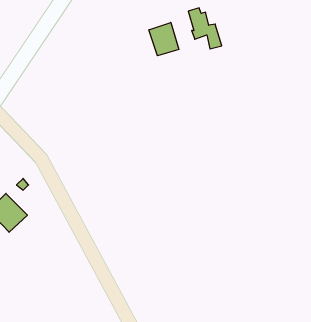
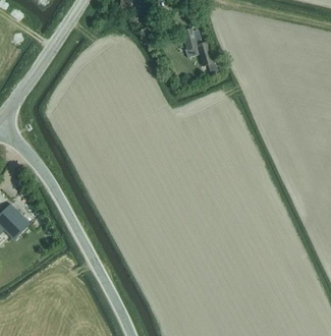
building: [149,22,179,56] -> none

